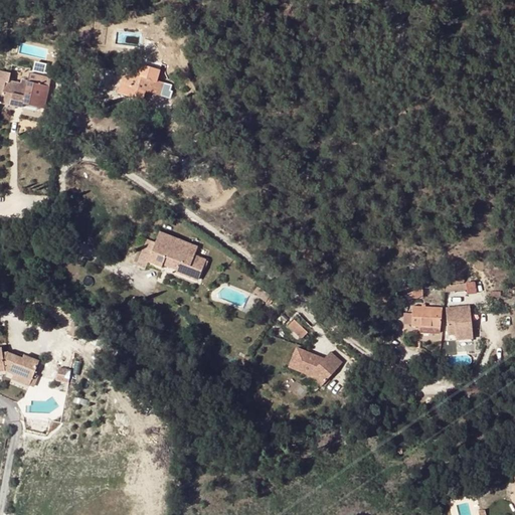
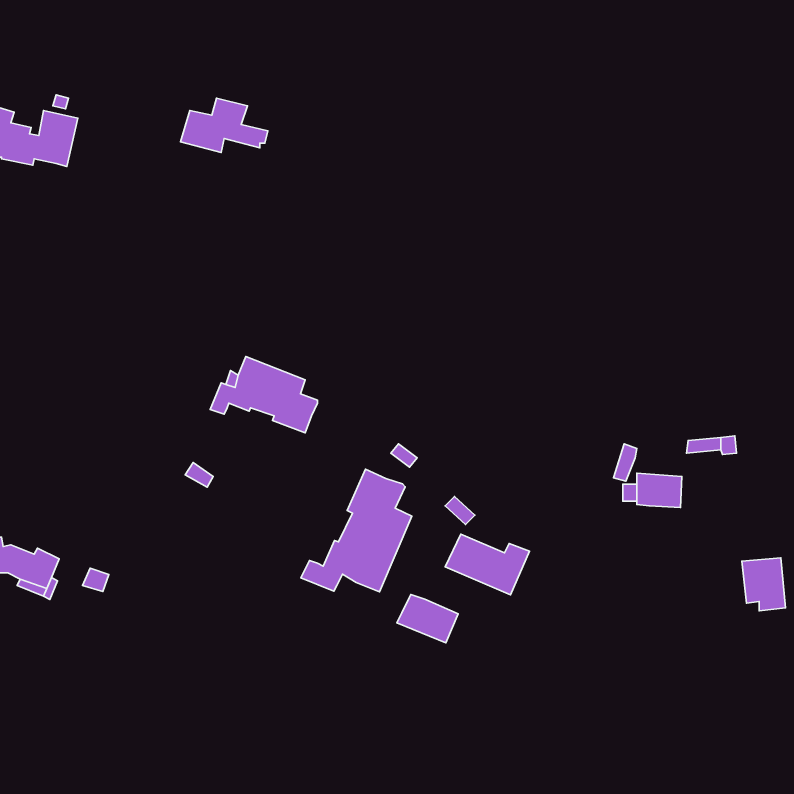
building: none -> [301,469,412,592]
building: [445,307,473,341] -> [742,558,785,611]
building: none -> [397,594,458,643]

